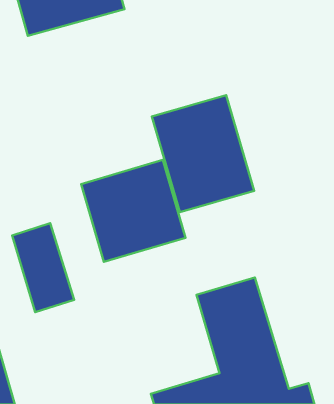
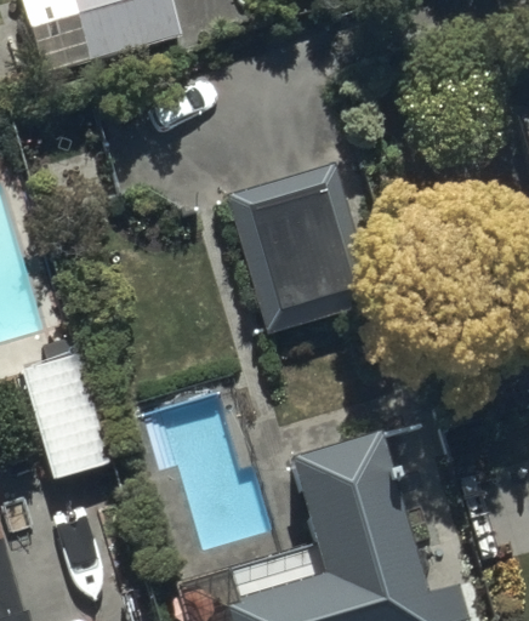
building: [81,160,186,262] -> none

